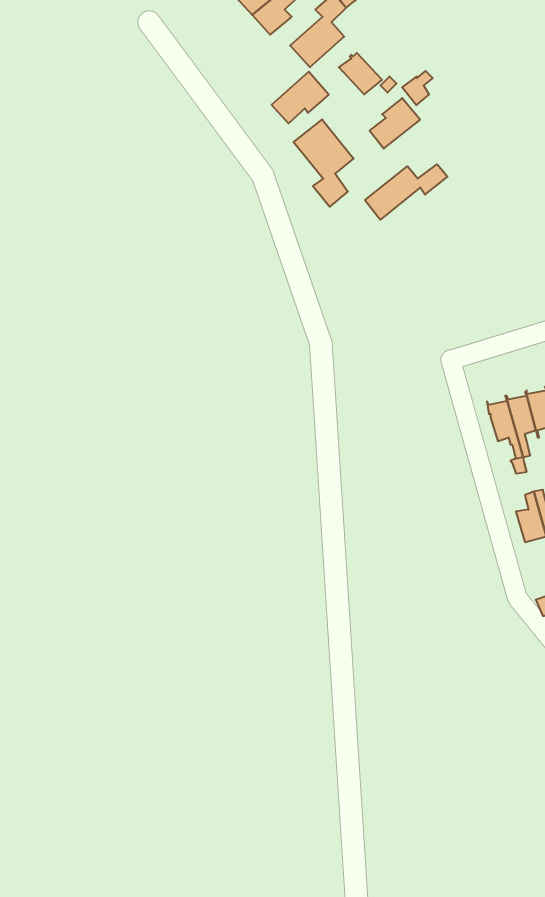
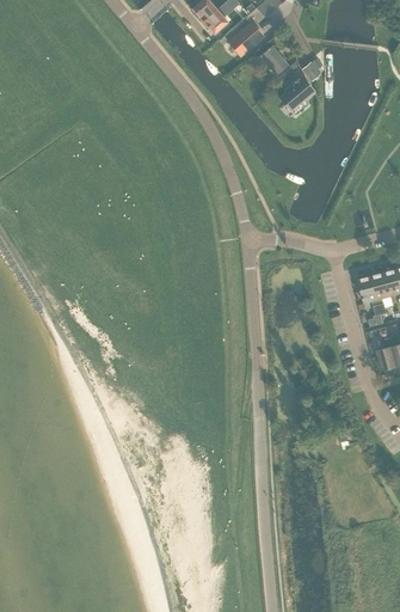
building: [272,72,329,123] -> none
building: [294,119,354,207] -> none
building: [365,164,447,220] -> none

